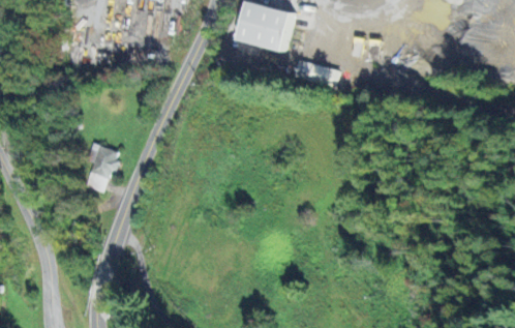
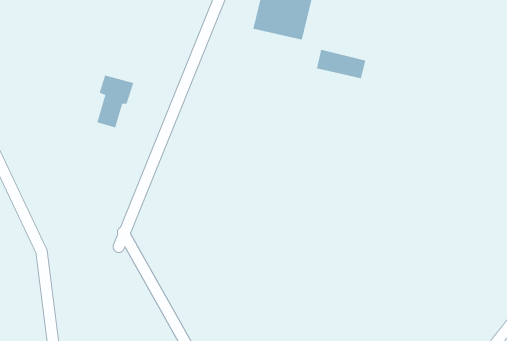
building: [86,144,120,192] -> [97,75,134,128]

